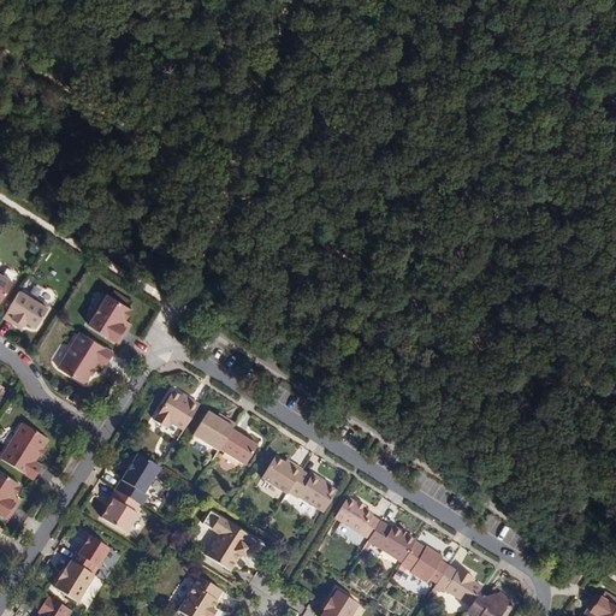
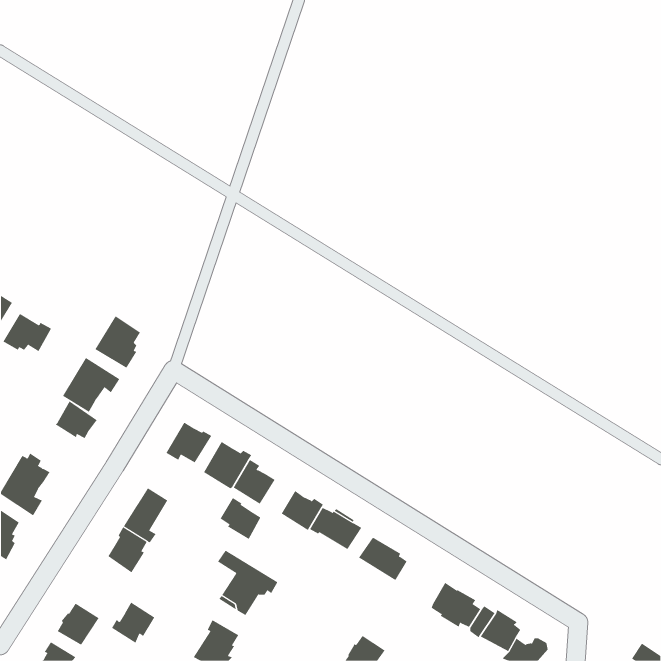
building: none -> [54,400,97,439]
building: none -> [220,497,261,540]
building: [367,521,415,562] -> none
building: [70,537,111,575] -> [111,602,155,643]

